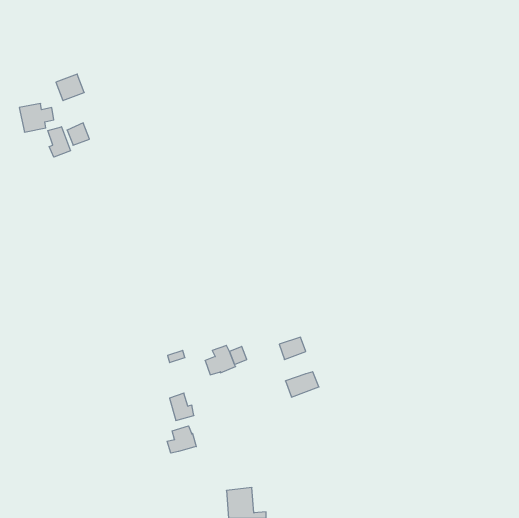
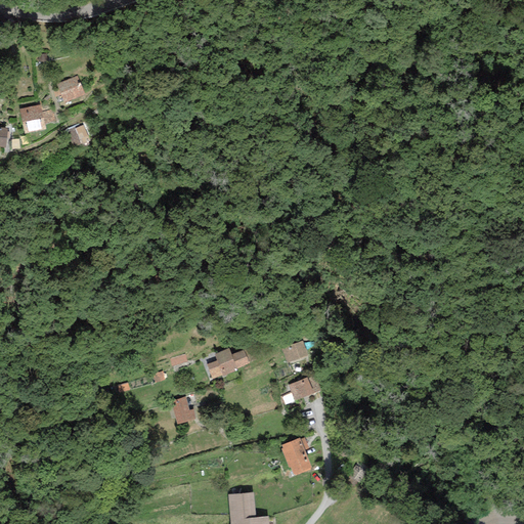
building: [48,127,70,157] -> none
building: [167,426,196,453] -> none
building: none -> [281,437,311,475]

